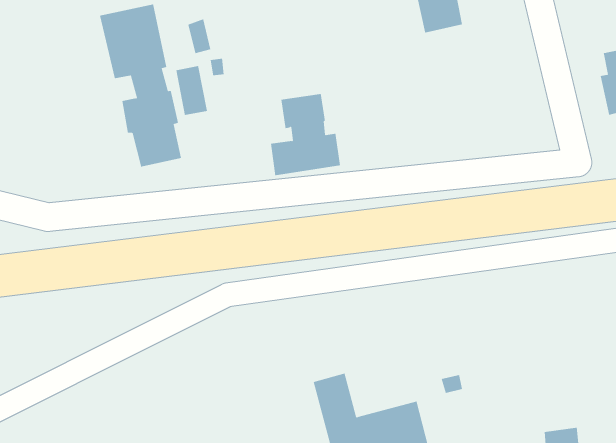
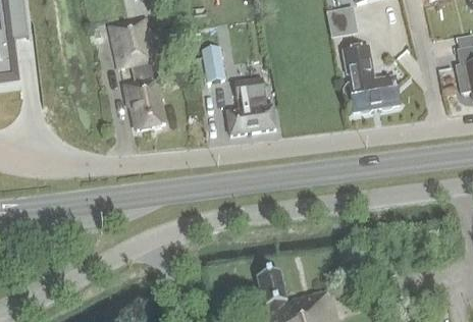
building: none -> [340,46,398,111]
building: [175,66,208,116] -> [200,45,222,79]

